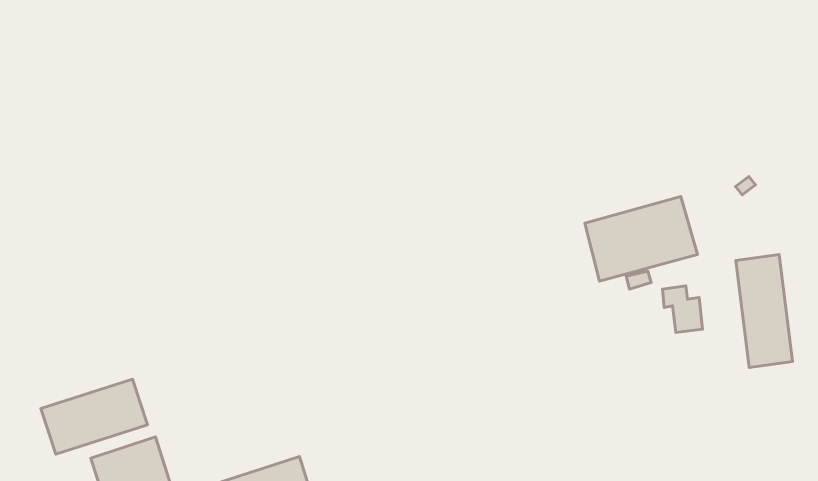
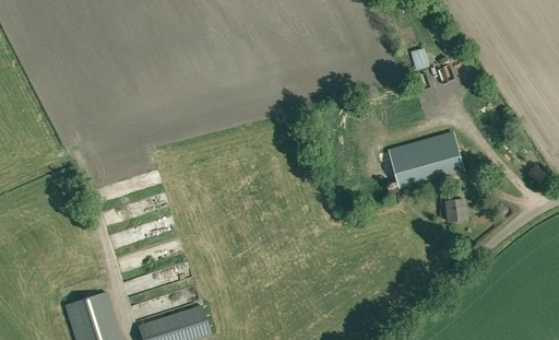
building: [736,255,792,367] -> none
building: [41,379,148,454] -> none

